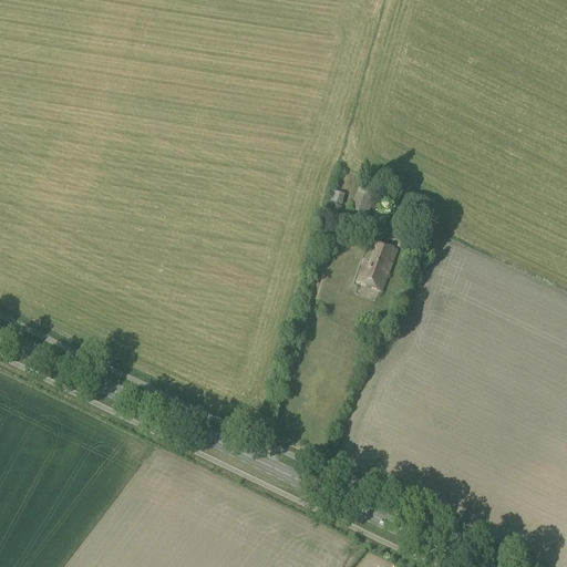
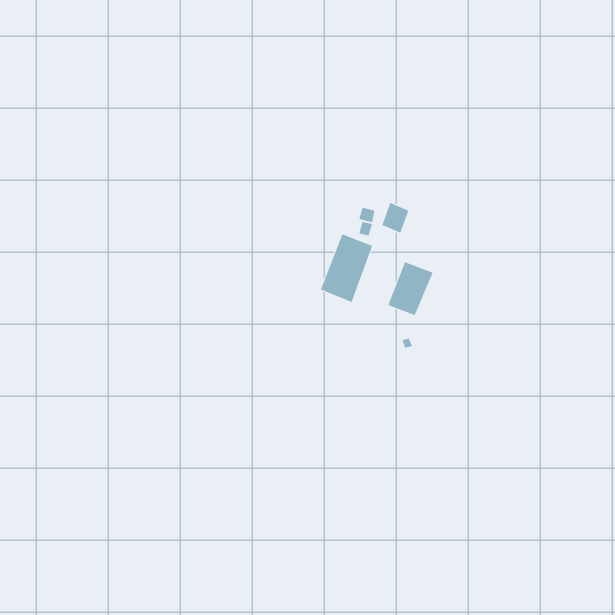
building: none -> [320,234,373,303]

